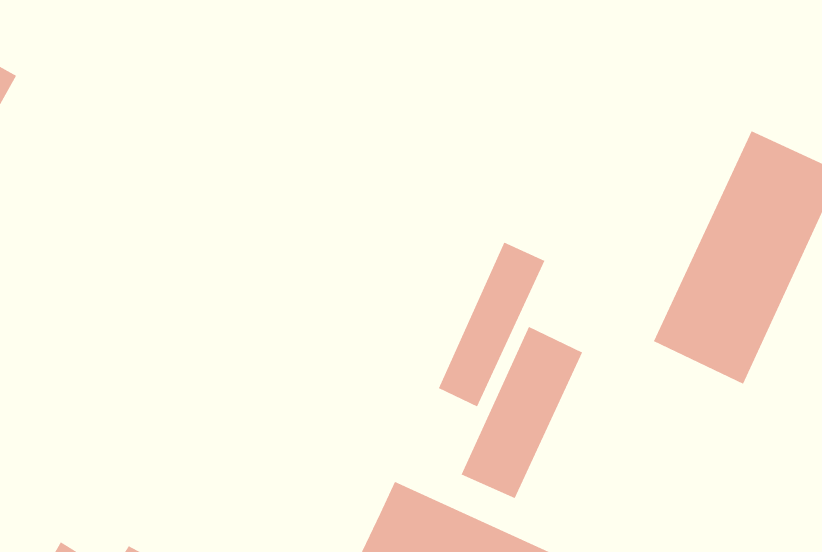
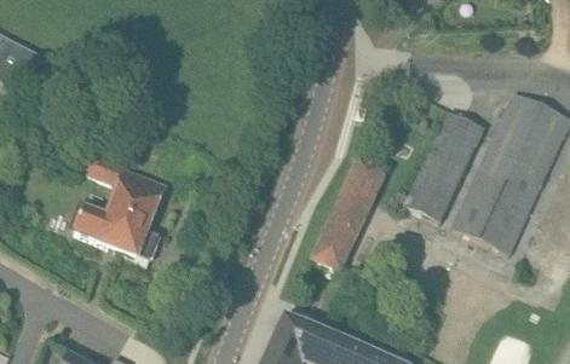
building: none -> [74,154,162,258]
building: [461,326,583,499] -> [404,108,483,219]

